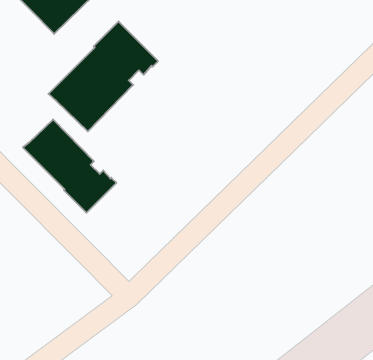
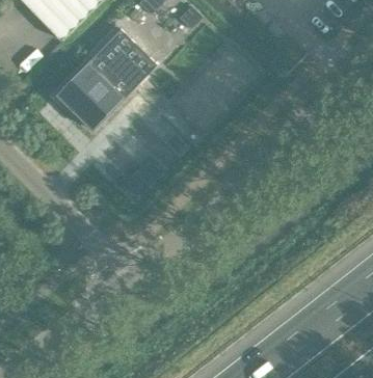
building: [23,119,116,213] -> none

